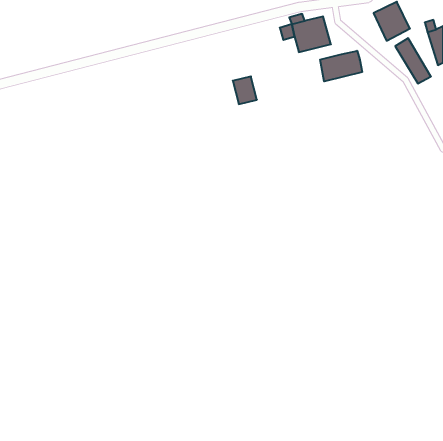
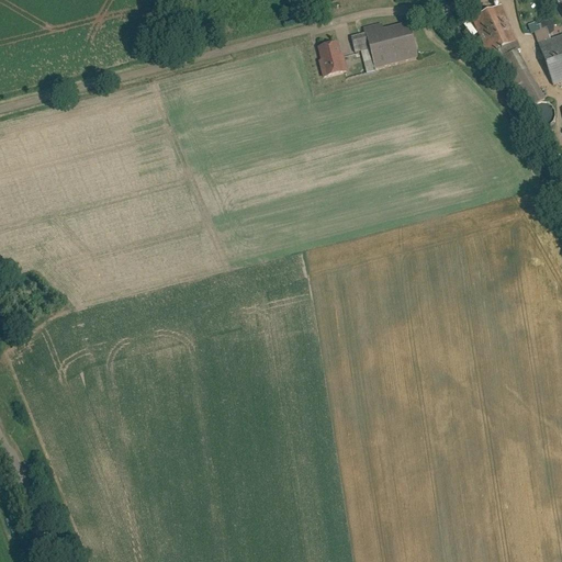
building: [320,51,362,81] -> none
building: [233,76,257,104] -> [316,40,347,75]

